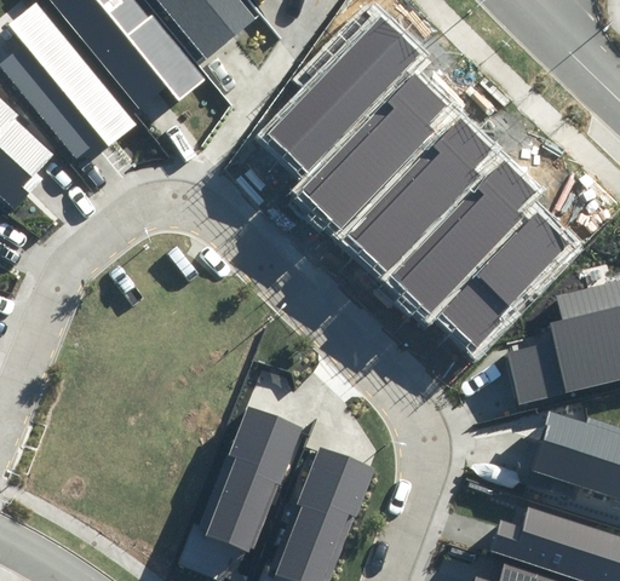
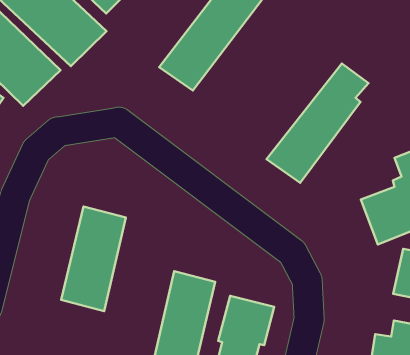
building: [304,77,452,226] -> none
building: [348,120,492,271] -> none
building: [442,214,568,341] -> none
building: none -> [61,207,126,311]

